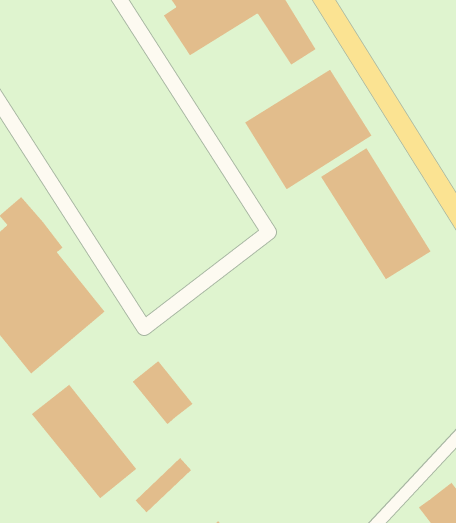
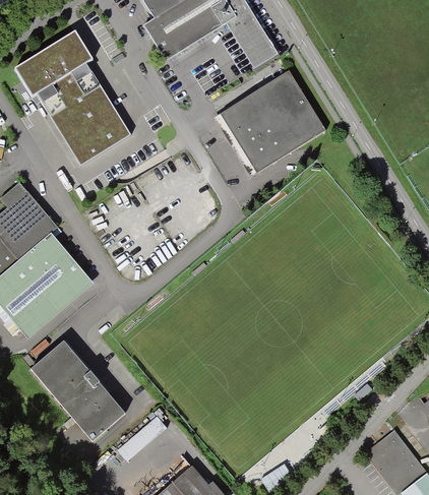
building: none -> [10,34,129,169]
building: [320,147,432,280] -> none
building: [132,360,194,425] -> none

